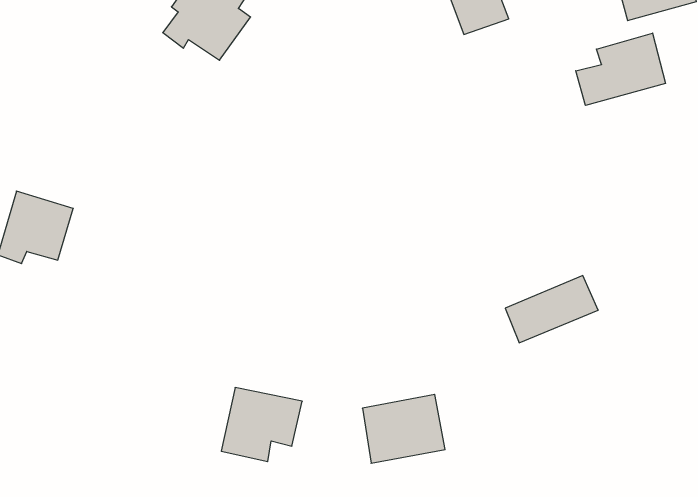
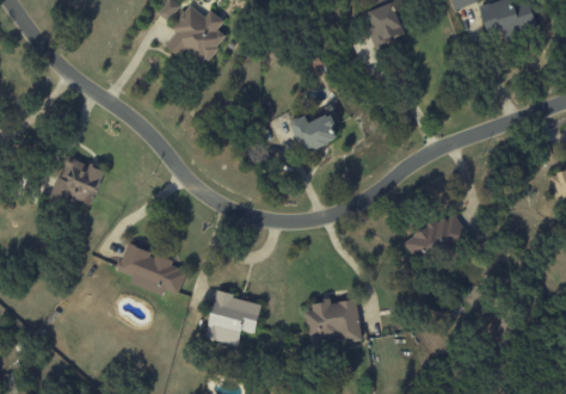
building: [576,33,666,105] -> none
building: none -> [289,104,338,153]
building: none -> [116,246,186,295]

